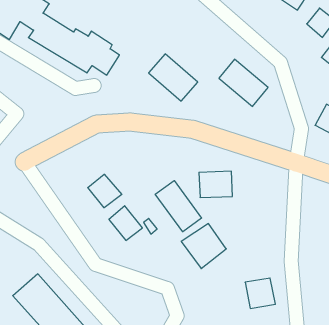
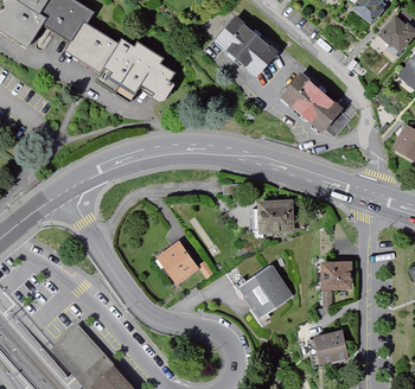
building: [149,54,198,101] -> [218,21,274,75]
building: [88,174,122,208] -> none
building: [155,181,202,232] -> none
building: none -> [324,257,349,282]

